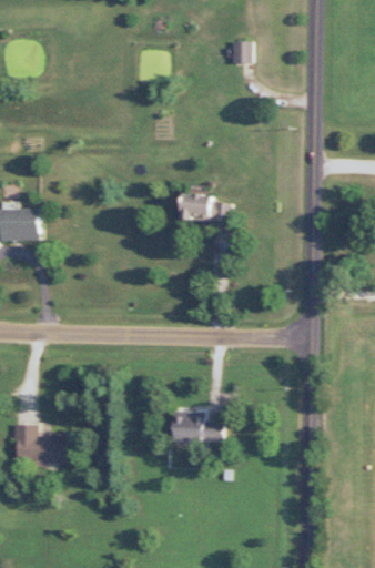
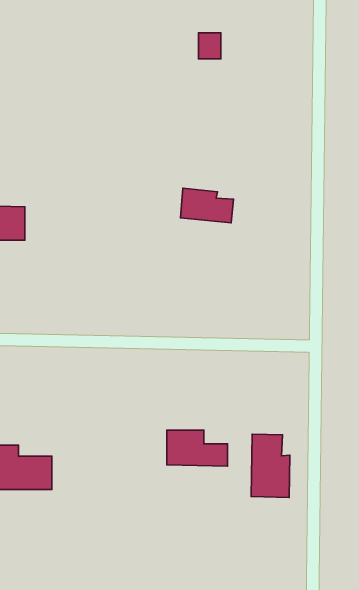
building: [231,40,251,63] -> [199,33,221,59]
building: none -> [251,434,290,498]

